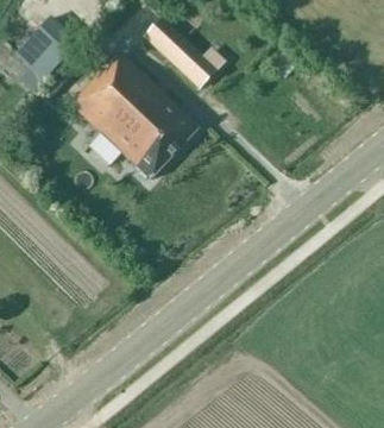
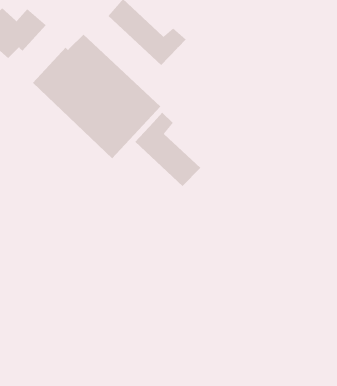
building: none -> [135,112,201,187]

